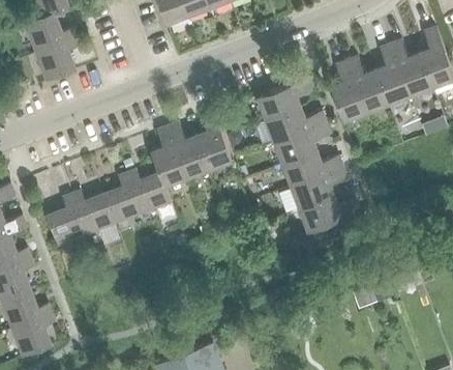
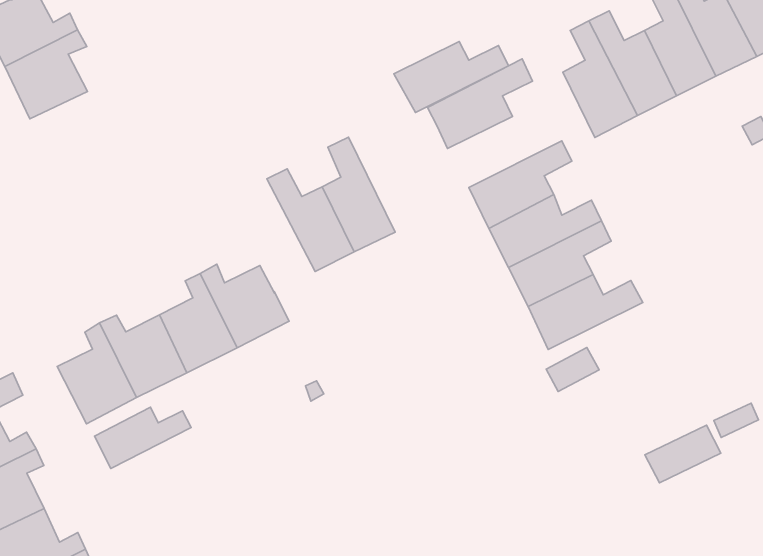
building: [265,107,326,142] -> [394,42,508,113]
building: [151,126,188,188] -> none
building: none -> [95,407,191,468]

